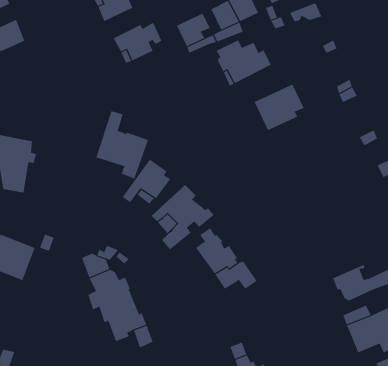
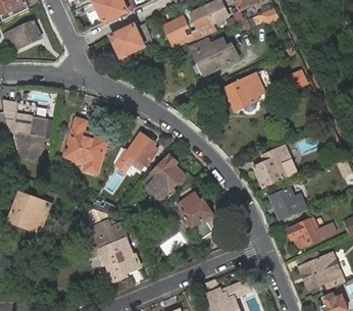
building: [96,110,149,179] -> [63,118,106,173]
building: none -> [254,146,297,187]
building: none -> [270,190,302,219]

